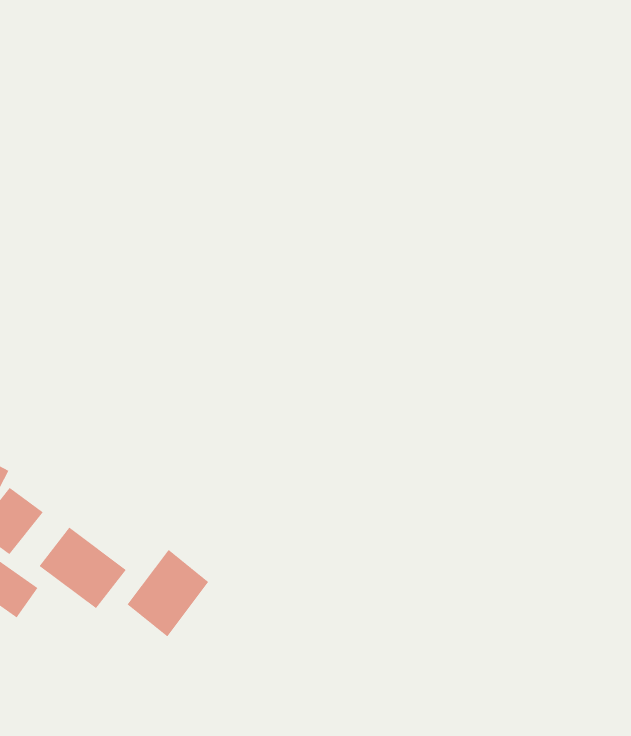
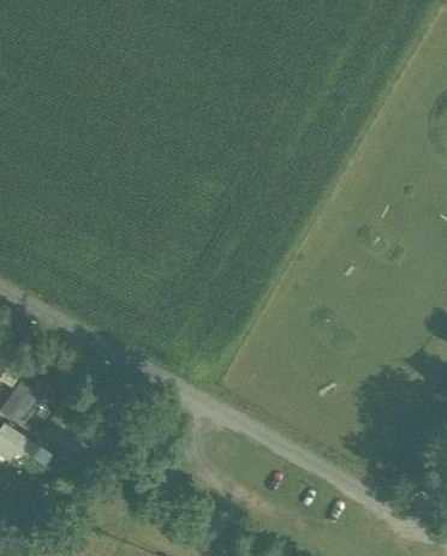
building: [127,549,209,637] -> none

